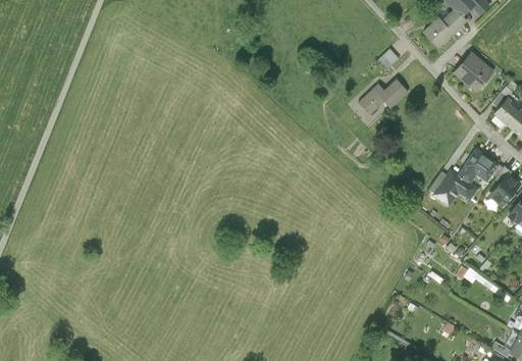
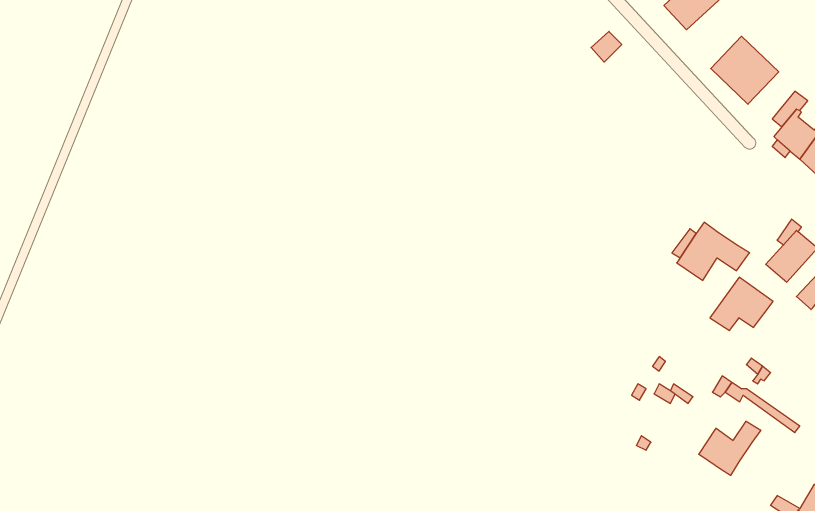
building: [358,78,408,112] -> none
building: [458,149,498,183] -> [710,277,773,331]
building: none -> [699,421,761,475]

